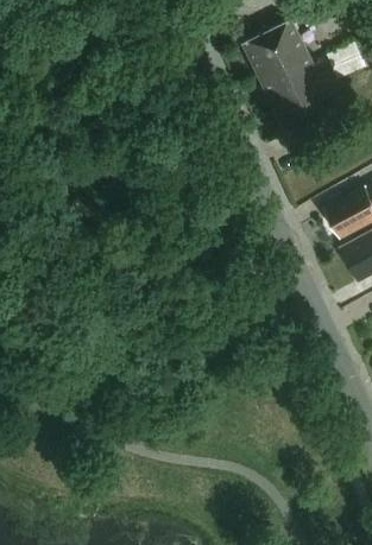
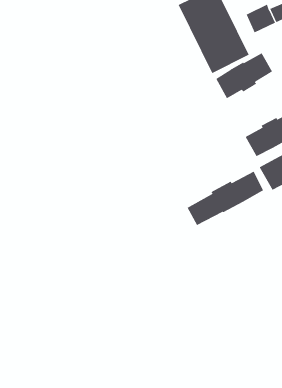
building: none -> [215,53,273,99]
building: none -> [187,171,264,226]

